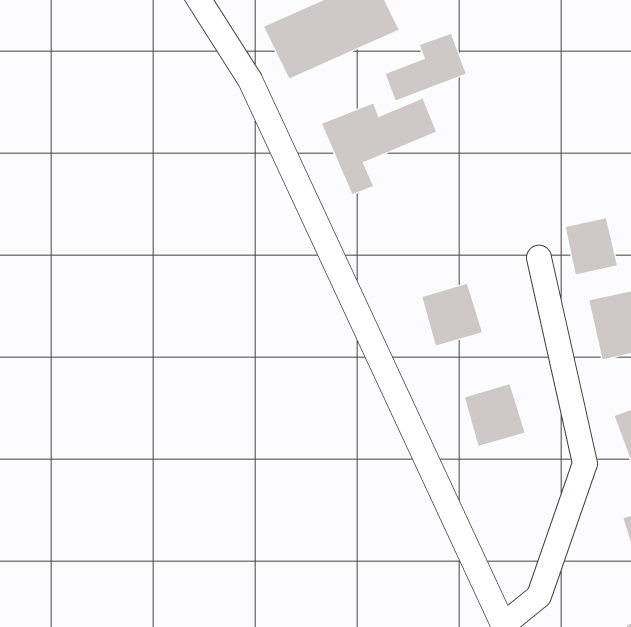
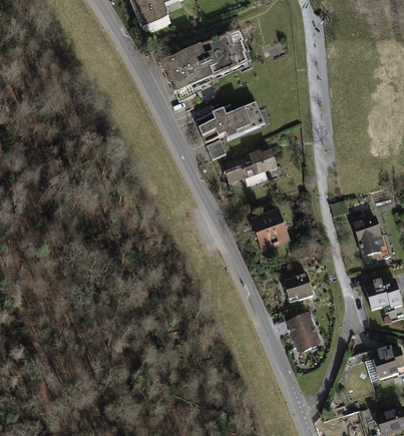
building: [385,33,467,101] -> [229,146,277,186]
building: [565,218,617,275] -> none
building: none -> [288,311,326,352]

